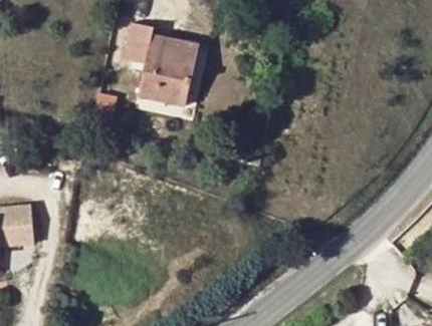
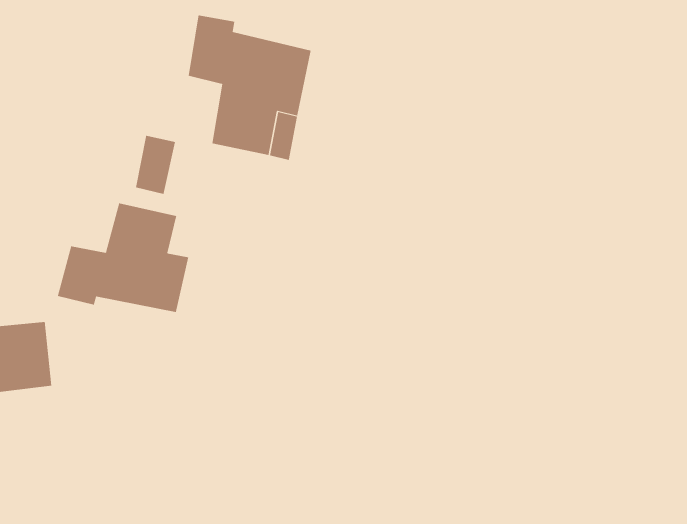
building: none -> [57,203,189,313]

